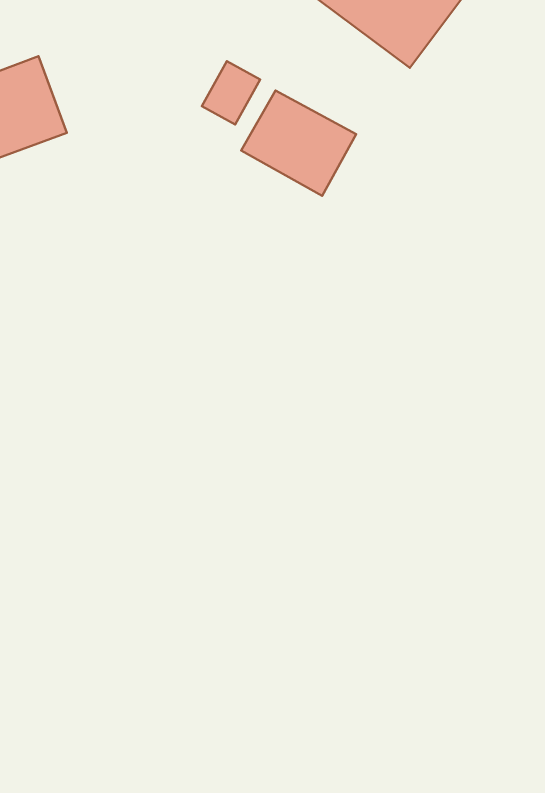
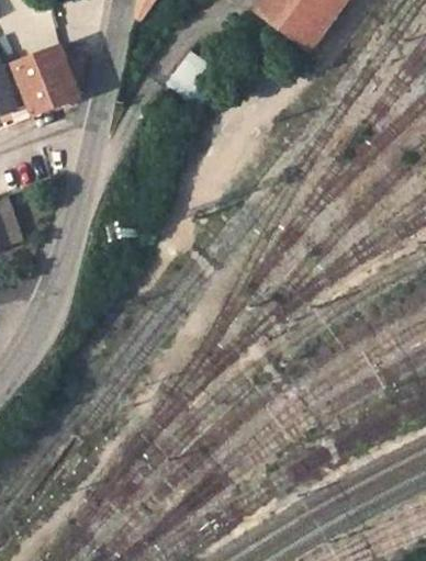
building: [241,90,356,196] -> none

